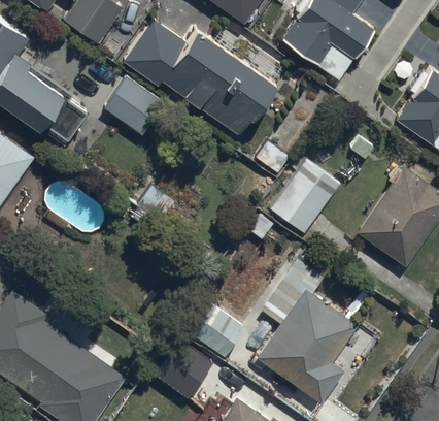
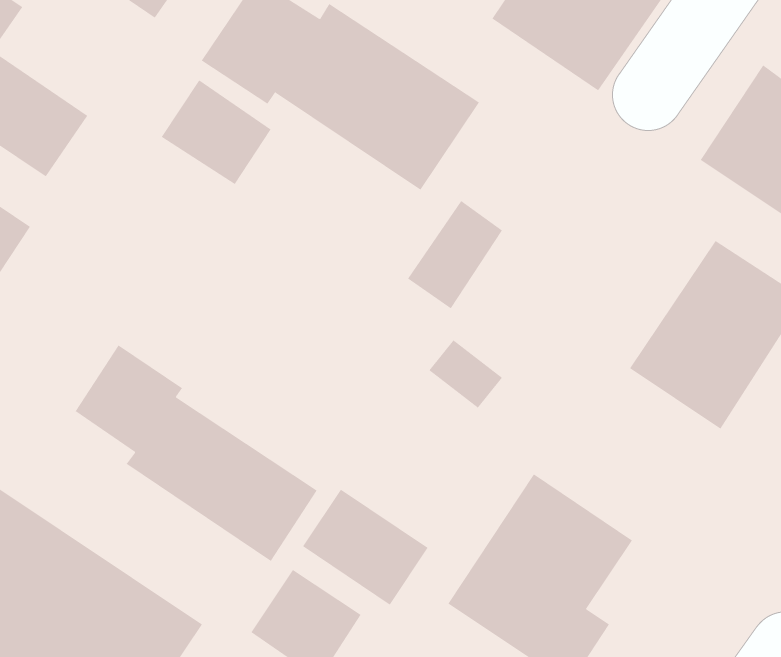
building: [273,160,342,234] -> none
building: none -> [75,345,317,562]

